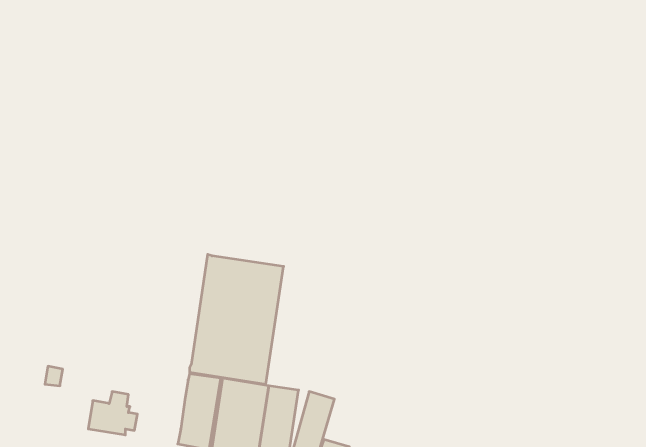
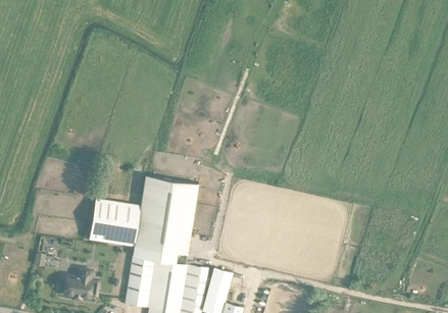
building: none -> [90,198,140,247]

